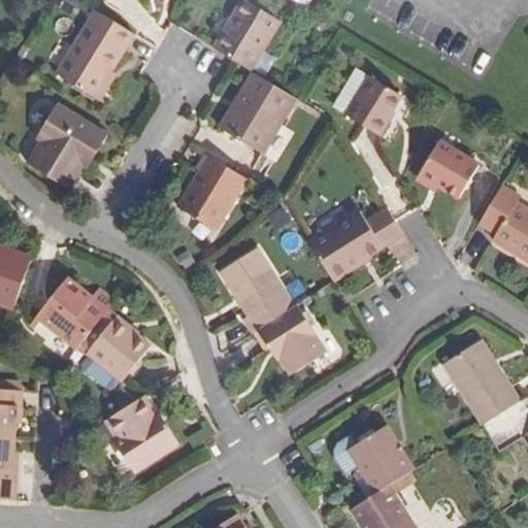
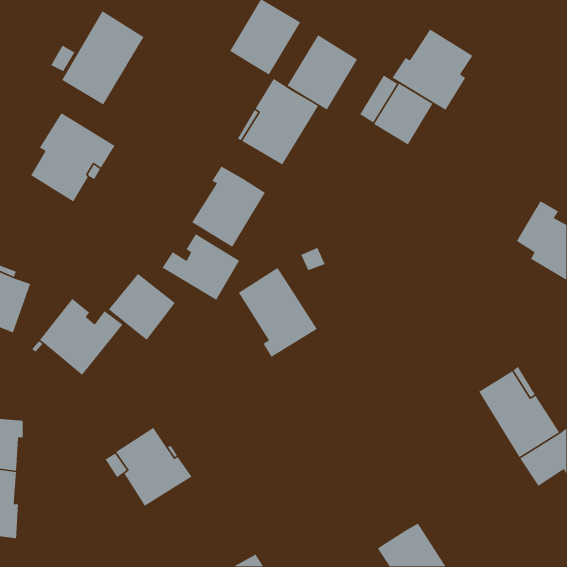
building: none -> [392,29,473,111]
building: none -> [286,34,359,110]
building: [419,140,478,198] -> none
building: [308,208,403,280] -> none
building: none -> [162,233,240,301]
building: [257,304,325,374] -> none
building: [87,318,150,381] -> [108,273,176,341]
building: [349,425,412,492] -> none

